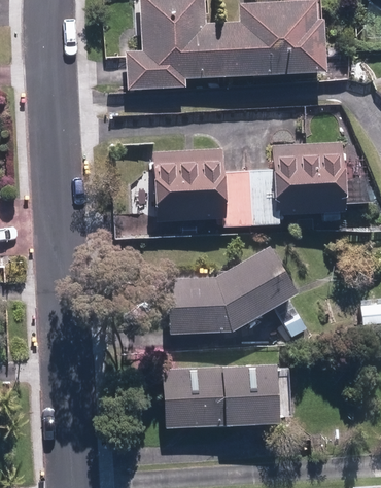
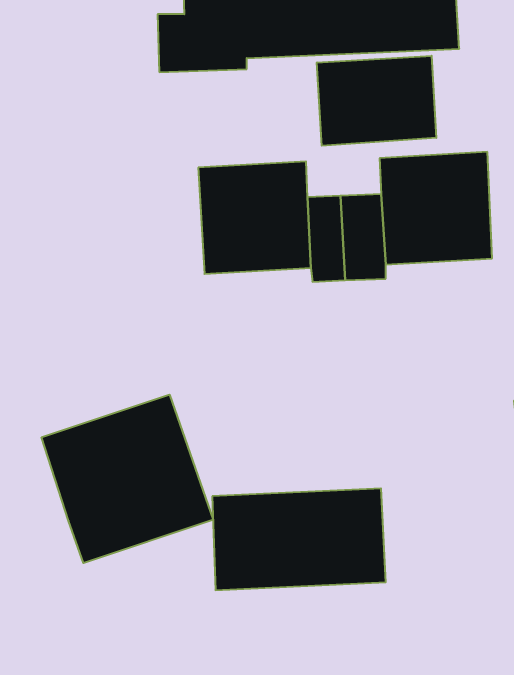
building: none -> [317,56,436,146]
building: [169,246,296,334] -> none
building: none -> [42,395,213,563]

